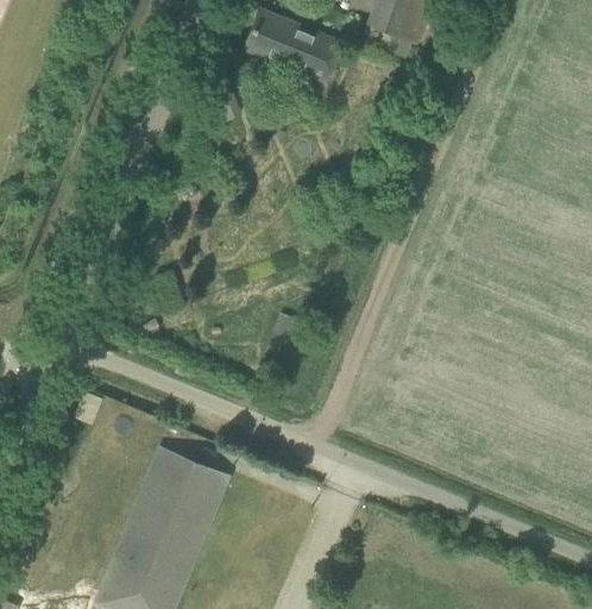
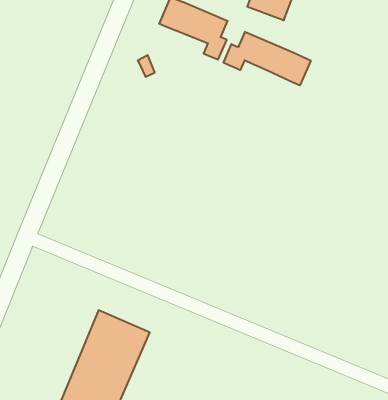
building: none -> [224,32,311,85]

